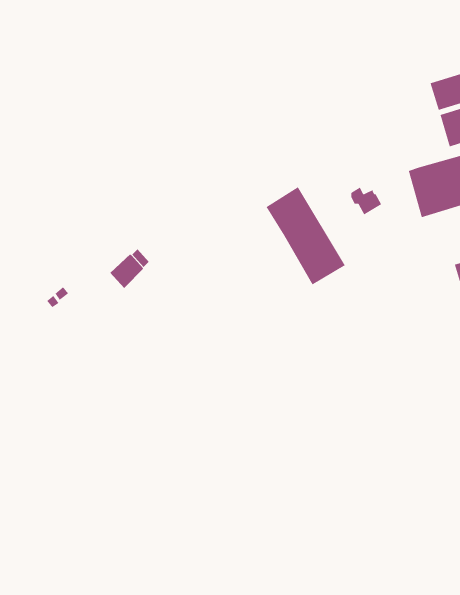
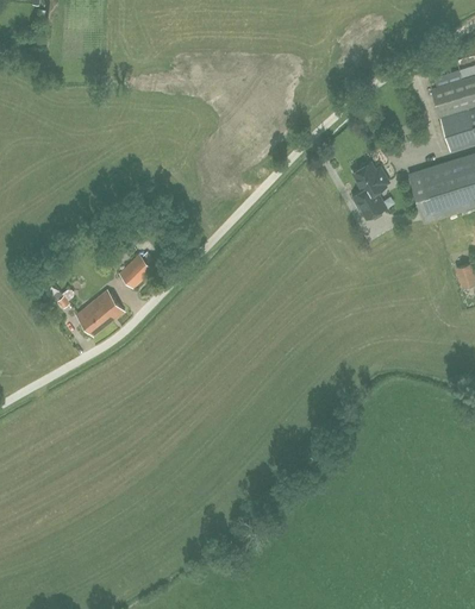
building: none -> [352,162,388,196]
building: [265,186,346,285] -> none
building: none -> [75,289,124,335]

